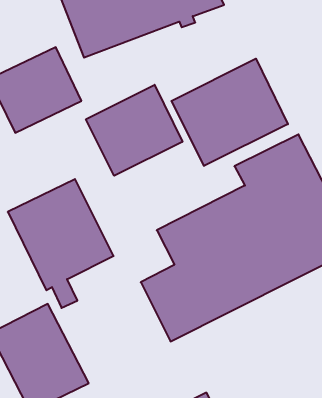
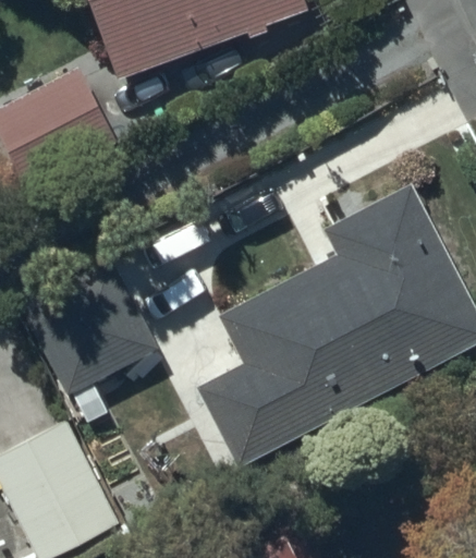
building: [171,59,288,166] -> none
building: [86,85,182,176] -> none

